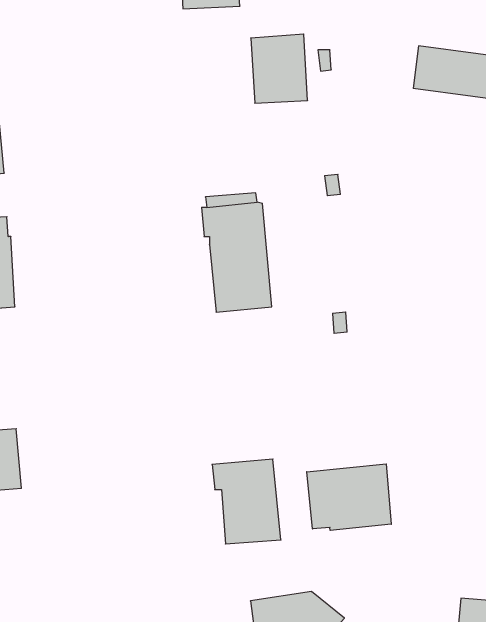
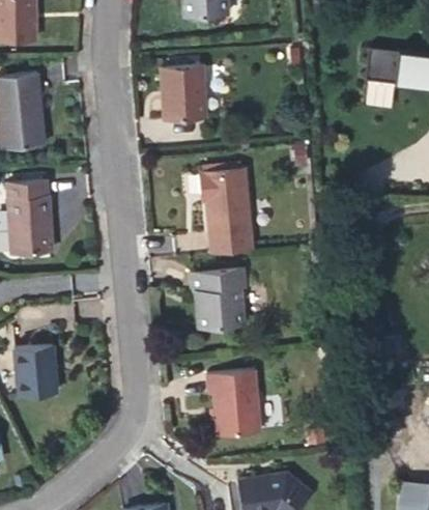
building: [251,34,308,103] -> [162,66,206,120]
building: none -> [192,268,246,329]
building: [307,464,391,530] -> none

